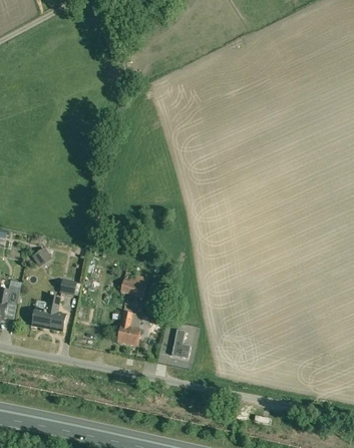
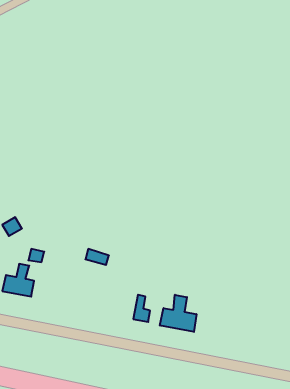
building: [117,310,141,345] -> none
building: none -> [160,295,196,332]

